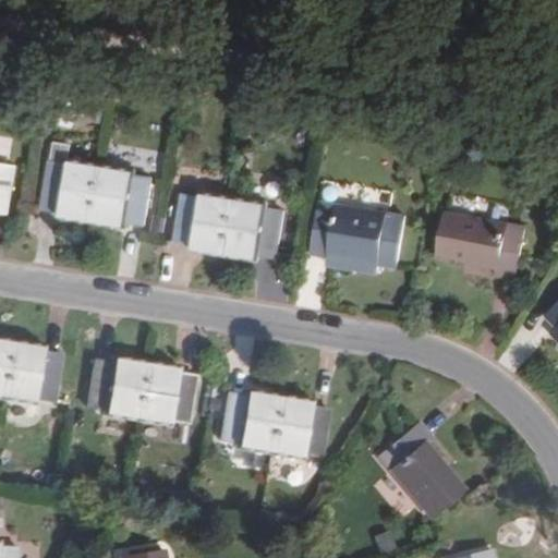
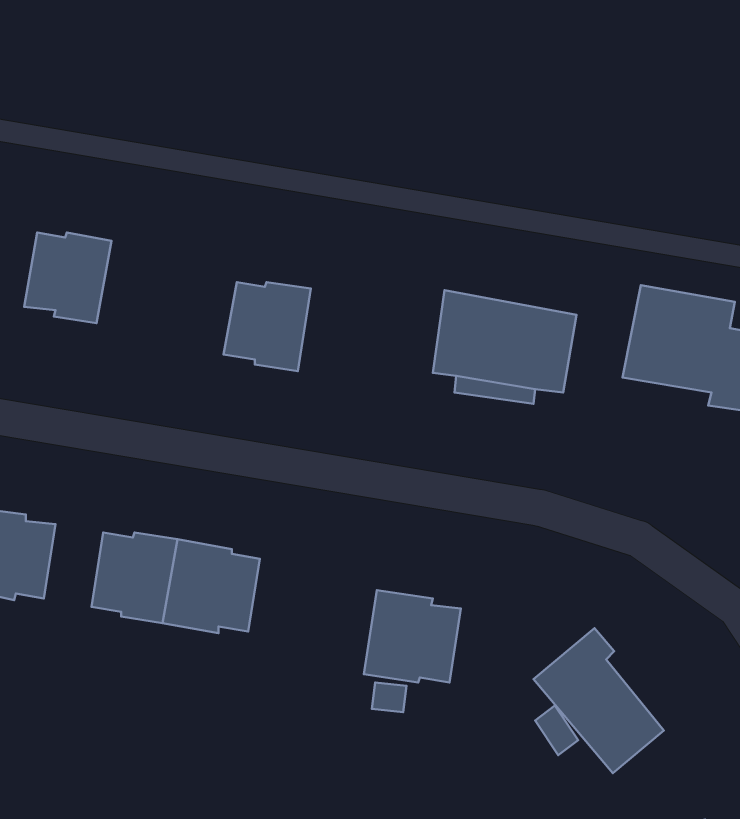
building: [89,167,153,227] -> none
building: [222,198,284,259] -> none
building: [220,392,275,453] -> none

